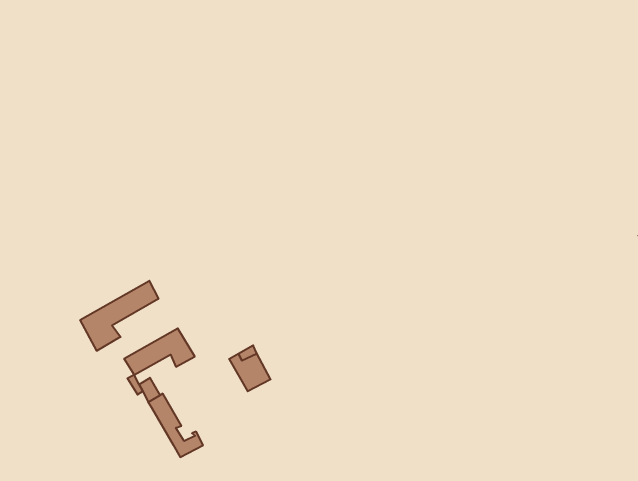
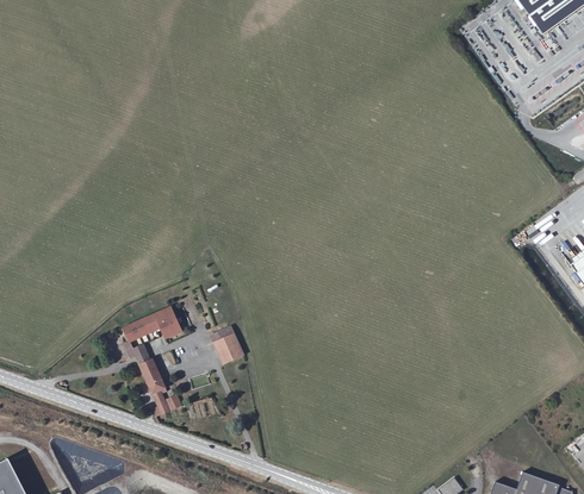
building: [80,281,158,351] -> none

